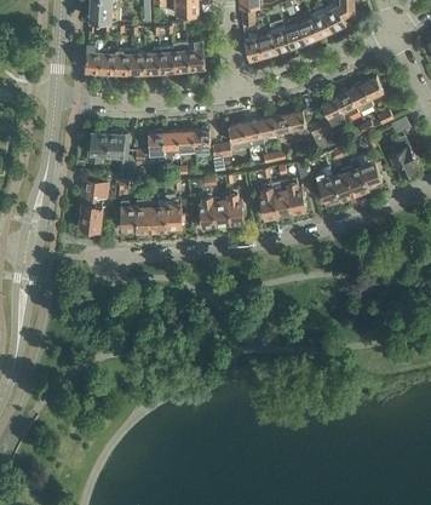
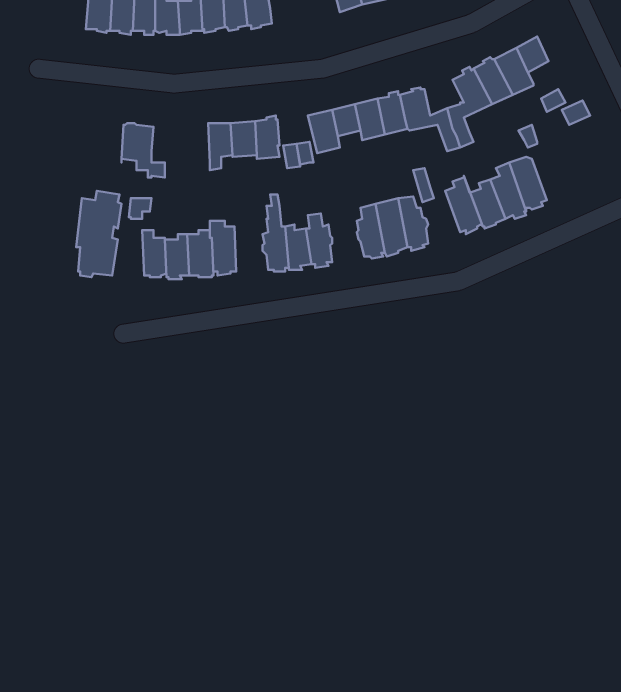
building: [134,130,163,163] -> none
building: [86,131,108,161] -> none
building: [386,134,415,174] -> none

